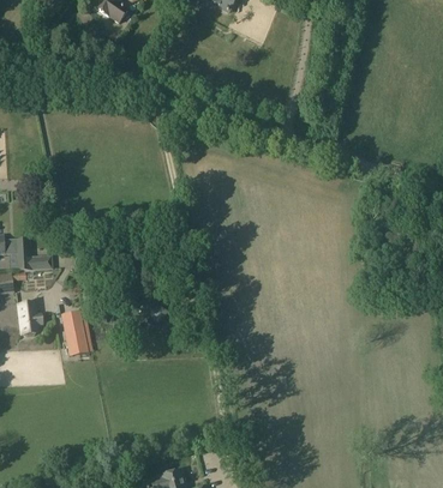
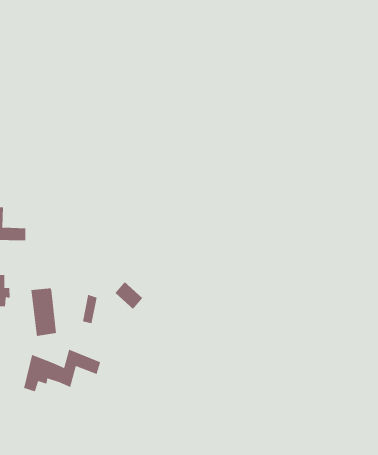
building: none -> [23,349,101,392]

